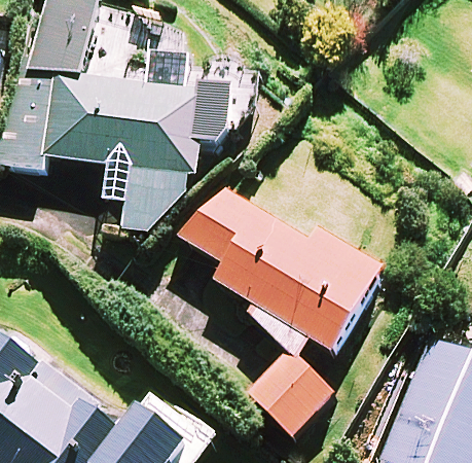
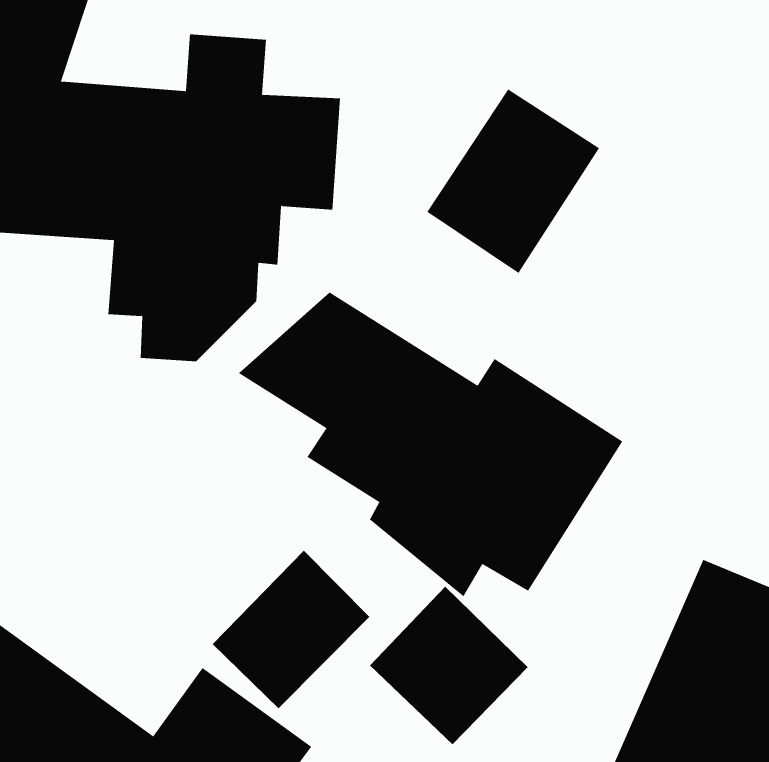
building: none -> [426,89,600,274]
building: none -> [212,550,370,709]

